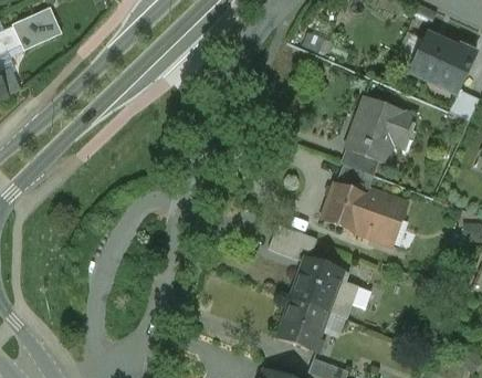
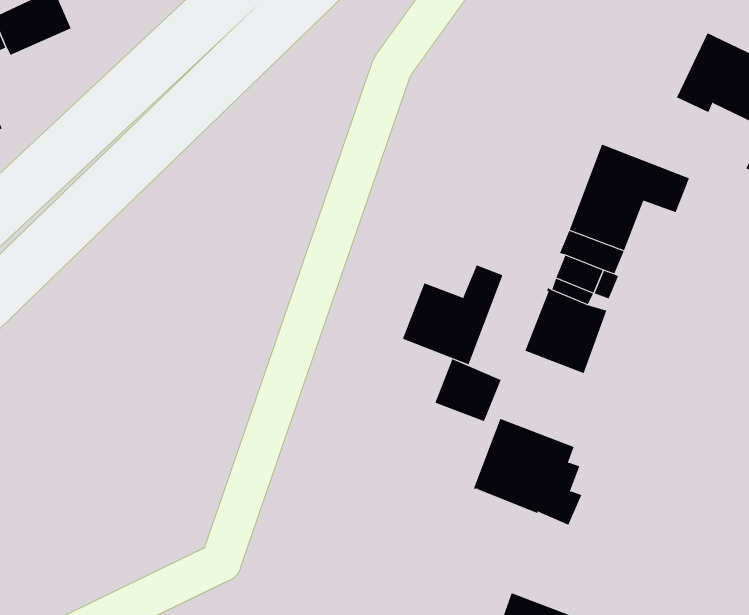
building: none -> [402,265,503,365]
building: [354,195,406,244] -> none
building: [276,297,327,353] -> none

